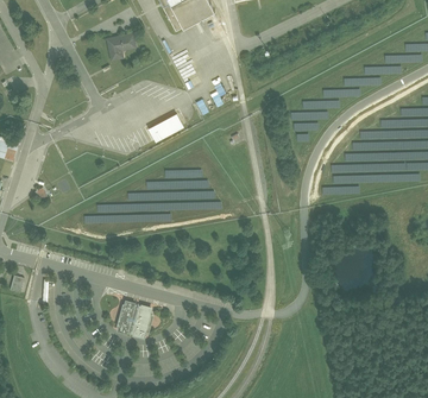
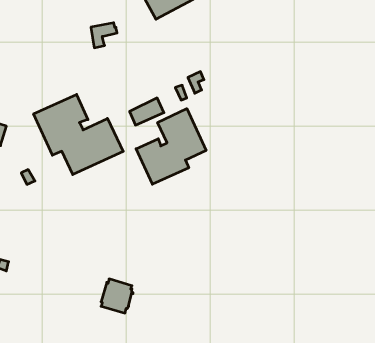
building: none -> [34,94,123,175]
building: none -> [136,109,206,184]

